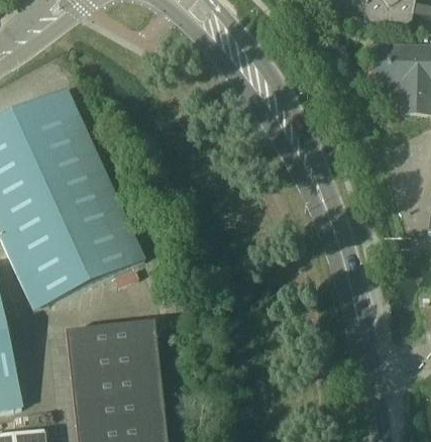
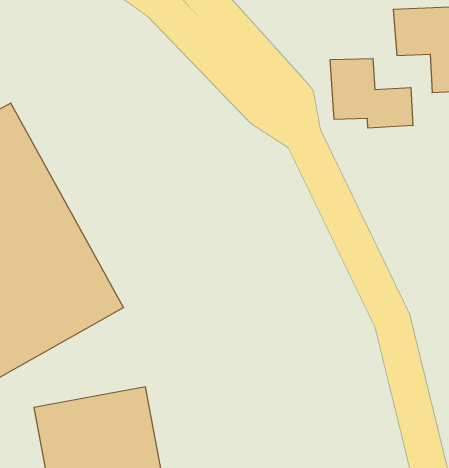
building: none -> [330,58,413,128]

